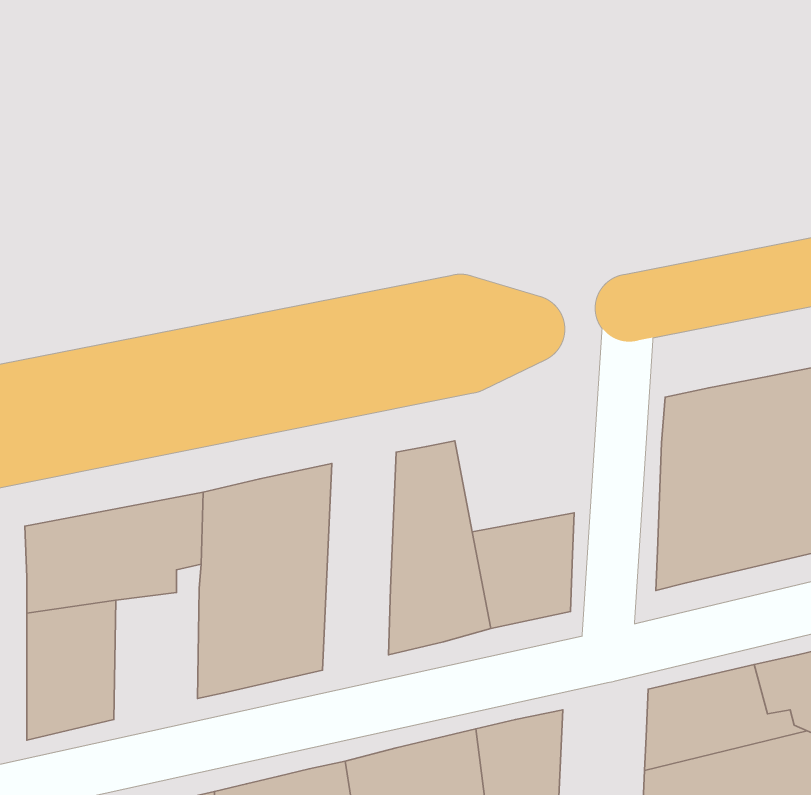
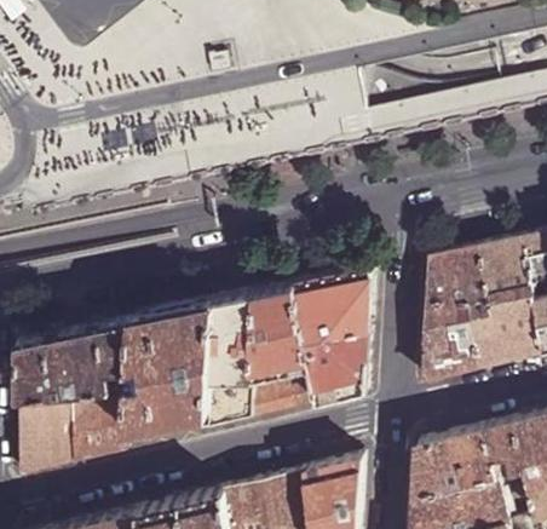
building: none -> [292,269,370,343]
building: none -> [207,292,254,431]
building: none -> [74,379,128,462]

